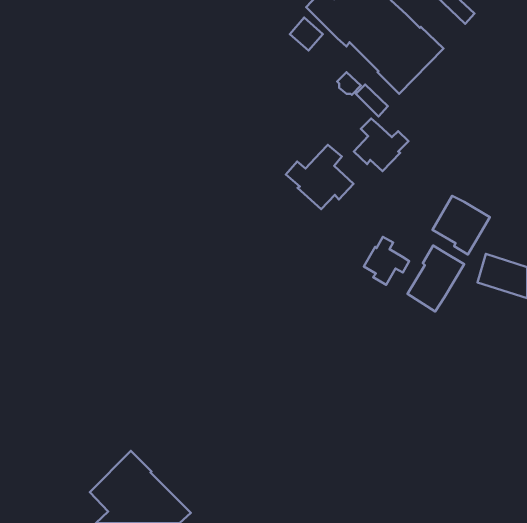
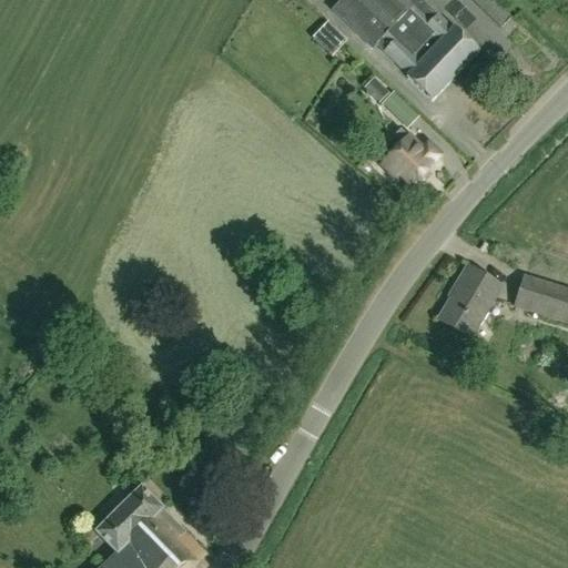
building: [286,145,354,209] -> none
building: [433,196,490,254] -> none
building: [364,237,409,285] -> none

